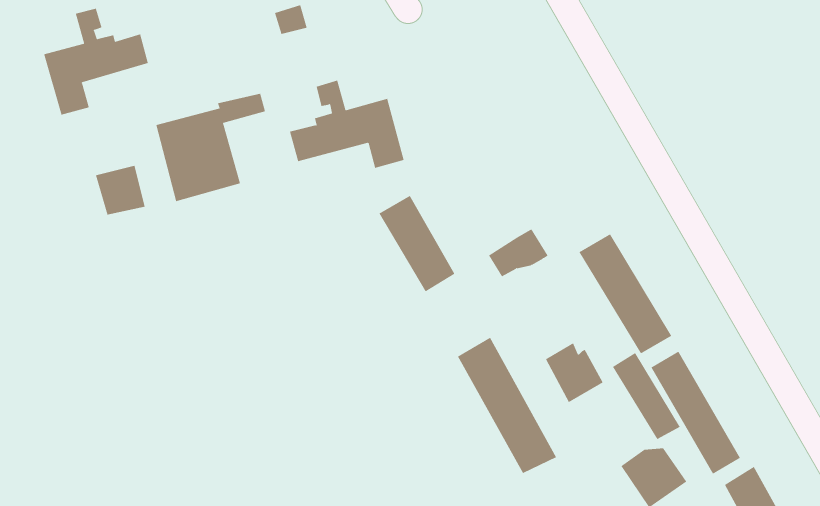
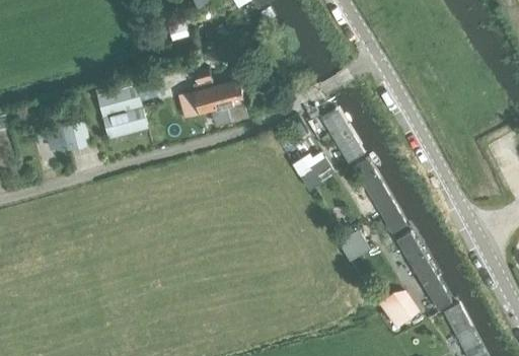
building: [44,8,149,116] -> none
building: [378,195,455,292] -> [321,106,368,165]
building: [457,337,557,474] -> none
building: [612,352,681,440] -> none

